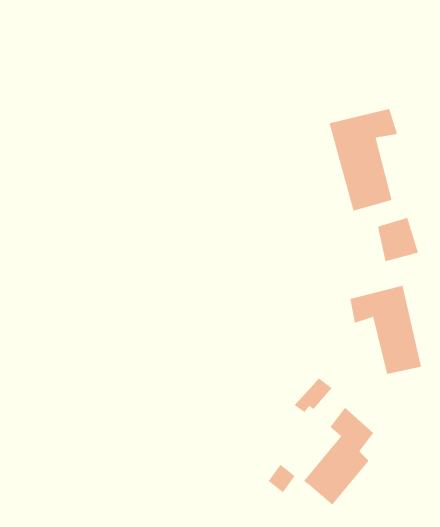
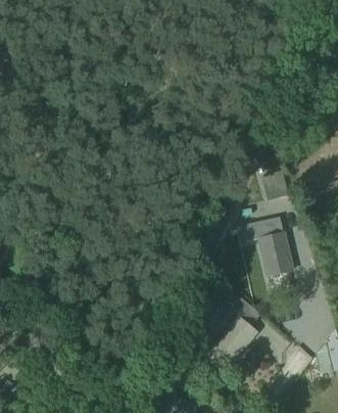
building: [329,108,398,212] -> none

